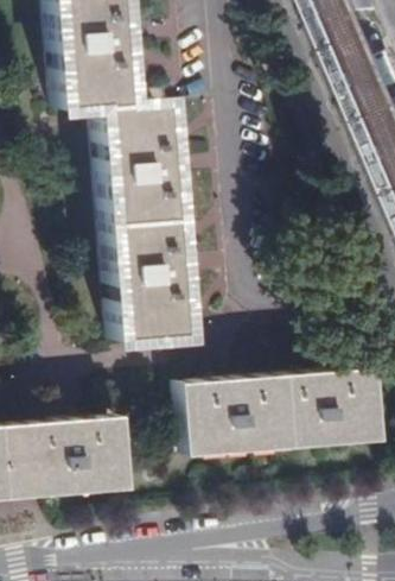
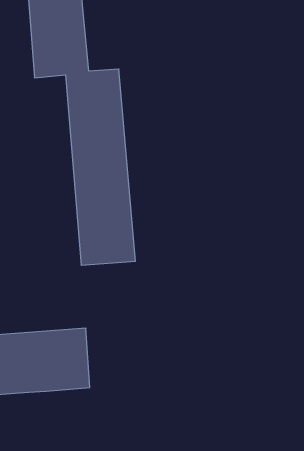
building: [184,370,382,451] -> none

